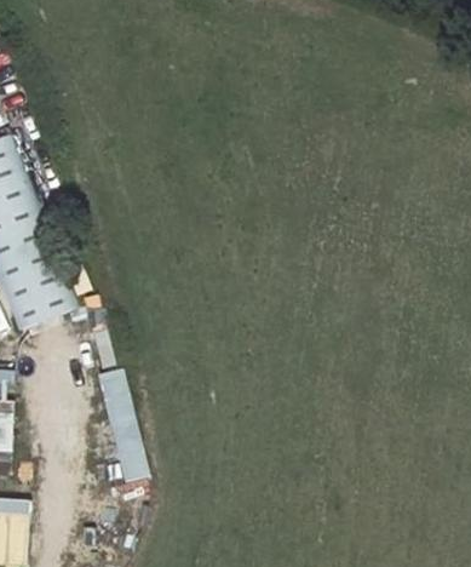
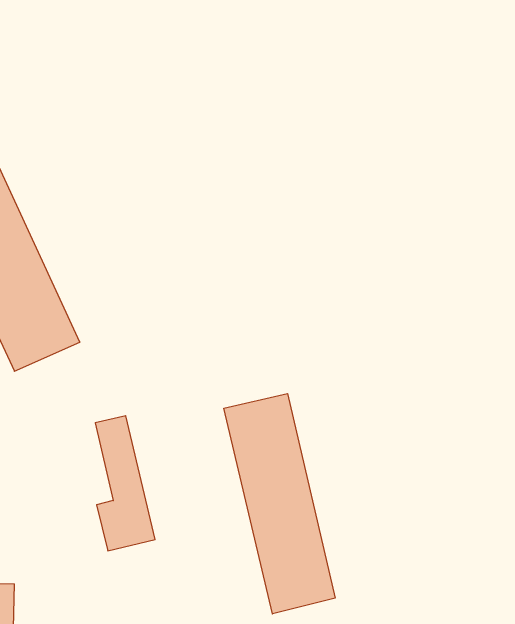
building: none -> [224,394,335,614]

